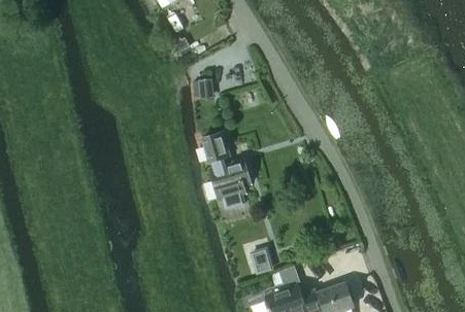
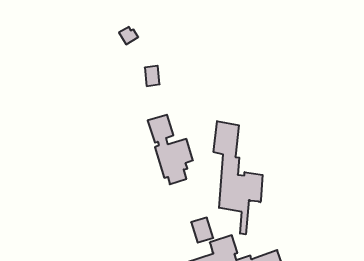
building: none -> [214,121,263,234]

